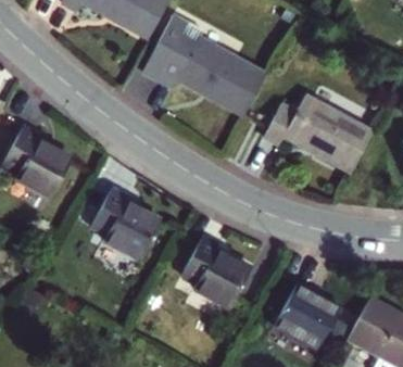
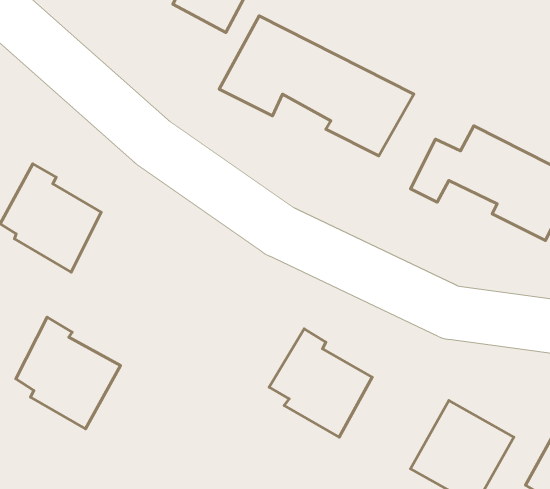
building: [90,185,159,257] -> [16,317,120,429]

